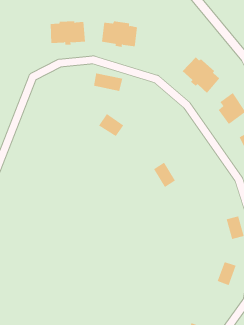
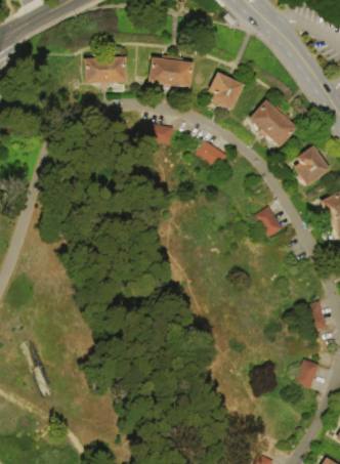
building: none -> [209,73,244,110]
building: [98,113,124,137] -> [196,139,228,169]
building: [153,162,176,188] -> [255,205,284,238]

